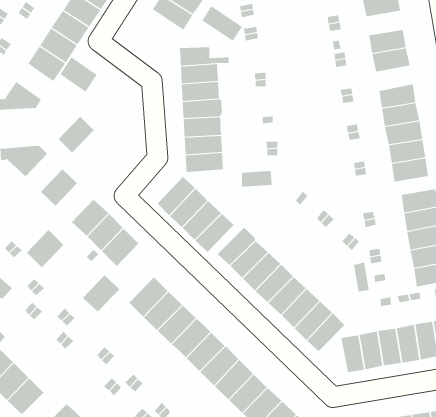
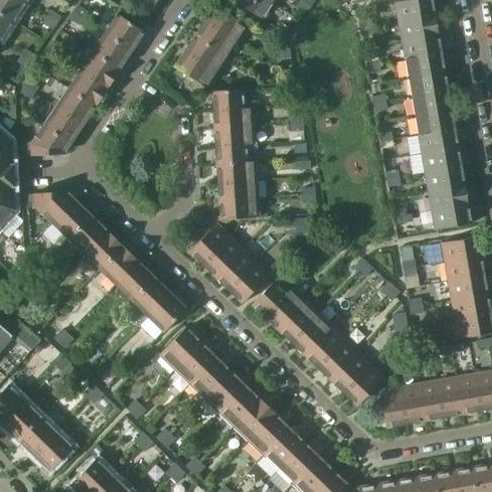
building: [201,5,243,41] -> [174,50,217,88]
building: none -> [405,52,445,77]
building: [60,57,98,92] -> [43,107,83,144]
building: none -> [416,109,455,135]
building: [58,116,95,154] -> [53,200,92,239]
building: [26,229,64,268] -> [85,230,124,271]
building: [82,275,120,312] -> [148,293,187,332]

